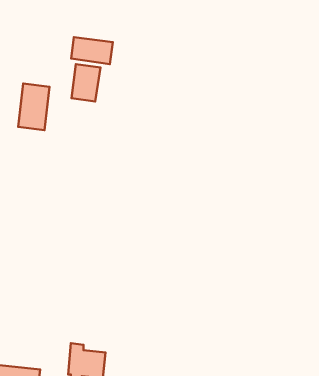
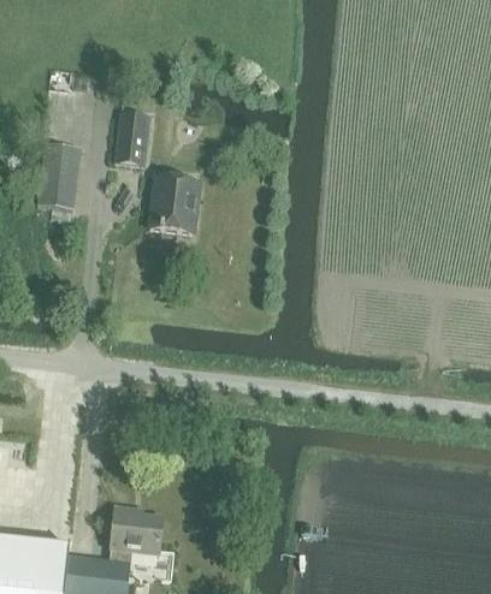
building: [71,37,113,64] -> none
building: none -> [153,176,201,234]

